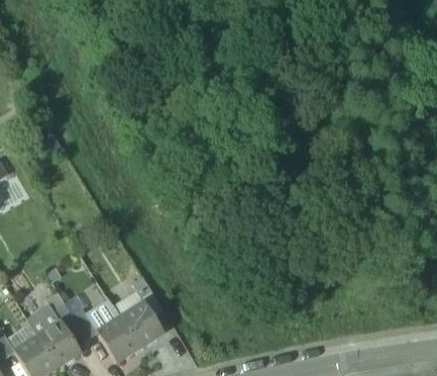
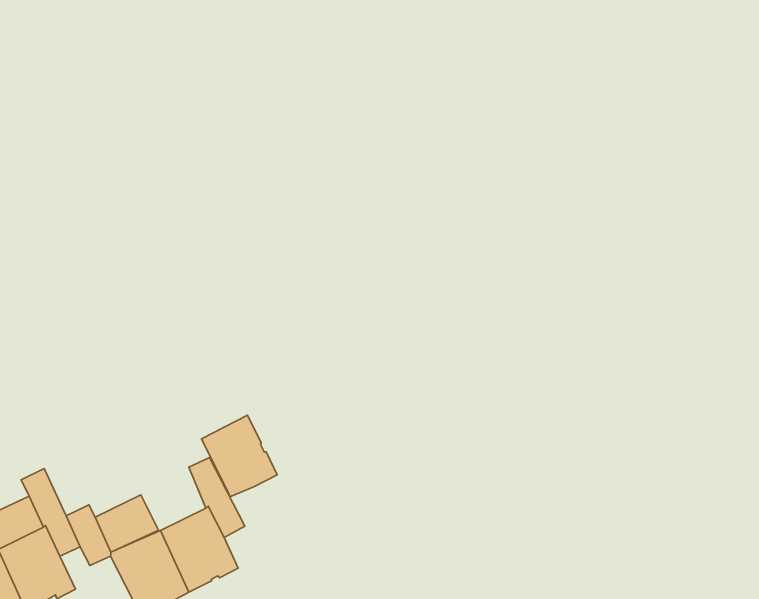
building: none -> [202,415,277,497]

